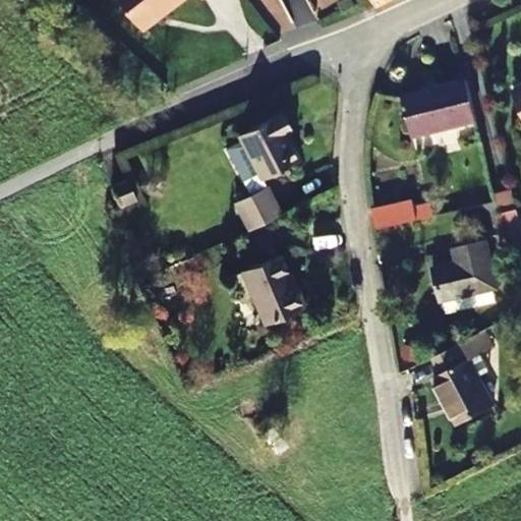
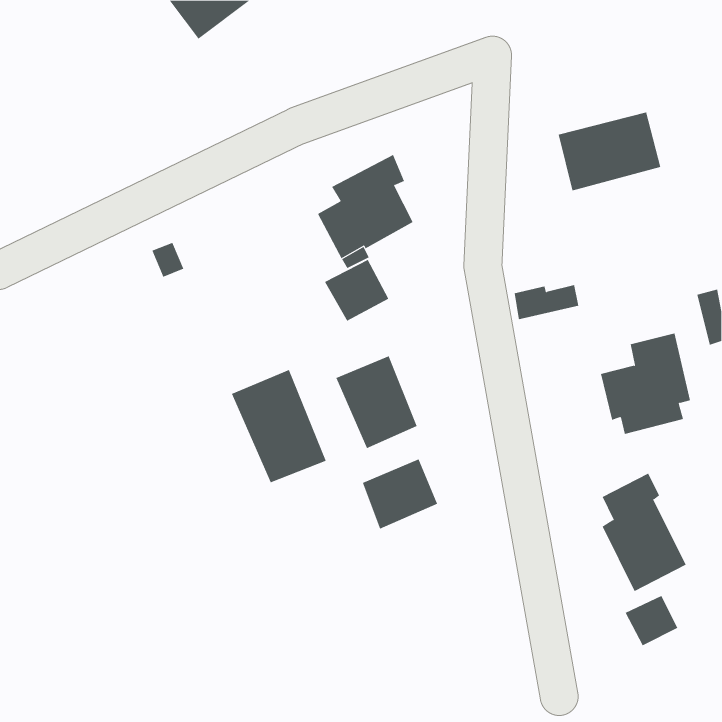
building: none -> [231,369,327,483]
building: none -> [362,459,438,529]
building: none -> [625,595,678,646]

